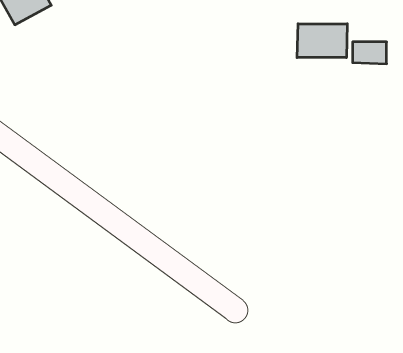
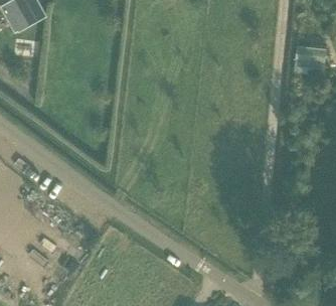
building: [297,24,347,58] -> none

